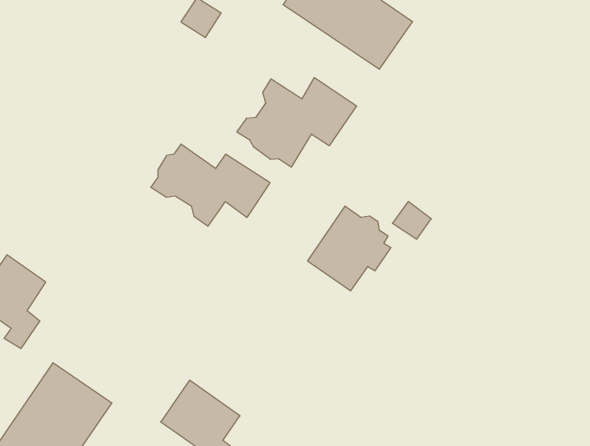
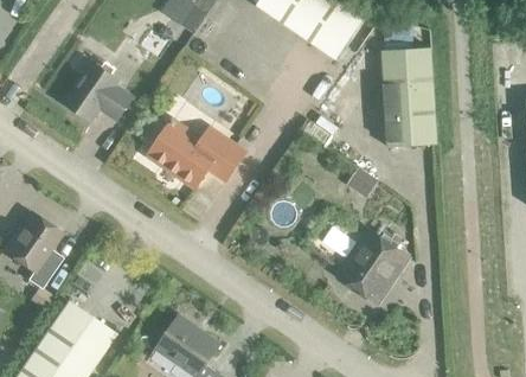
building: none -> [381,49,437,148]
building: none -> [63,63,133,123]
building: [237,78,357,167] -> none
building: [308,206,391,291] -> [336,230,405,300]

